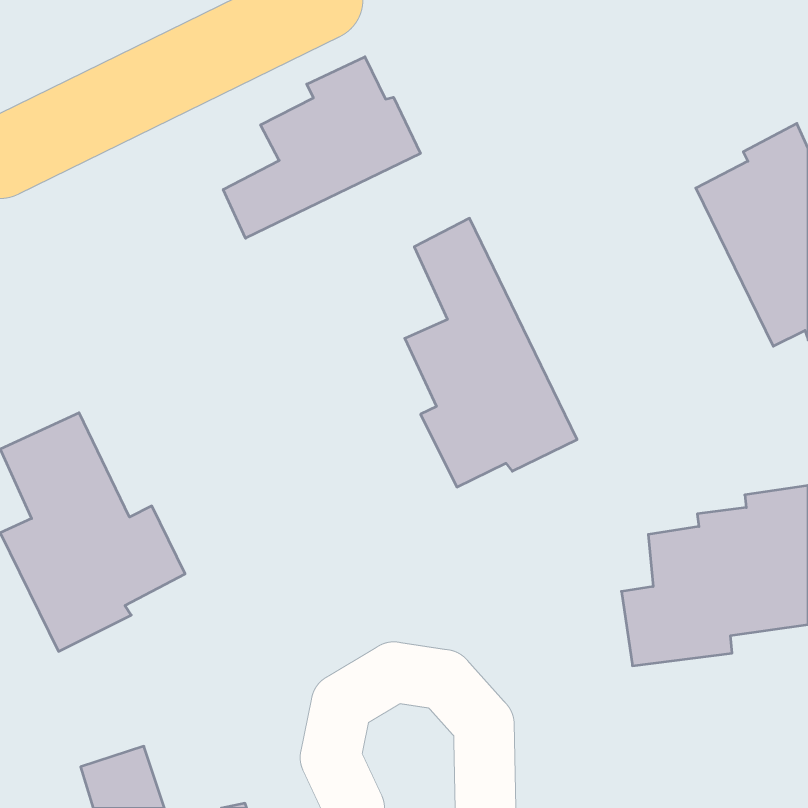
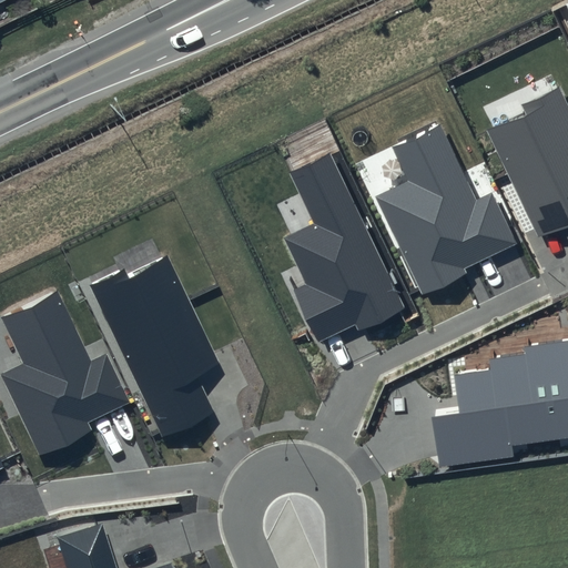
building: [223,57,420,238] -> none
building: none -> [376,124,517,293]
building: none -> [90,258,221,437]

